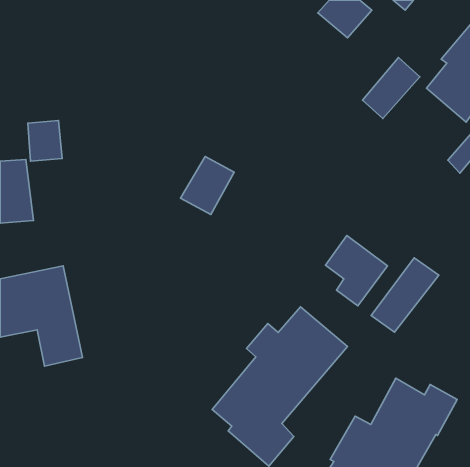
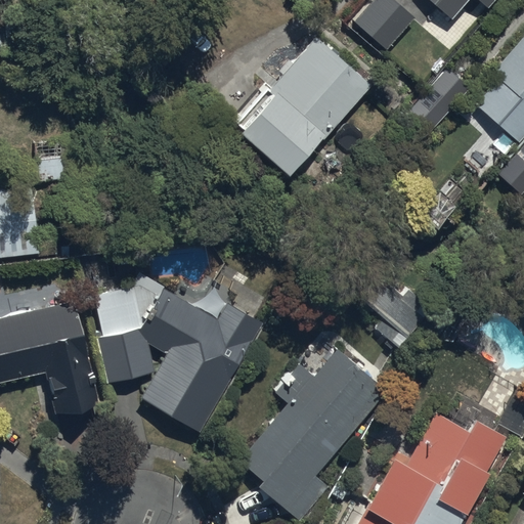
building: none -> [241,40,375,173]
building: [180,156,234,214] -> none
building: none -> [94,272,262,431]
building: [371,258,439,332] -> none

